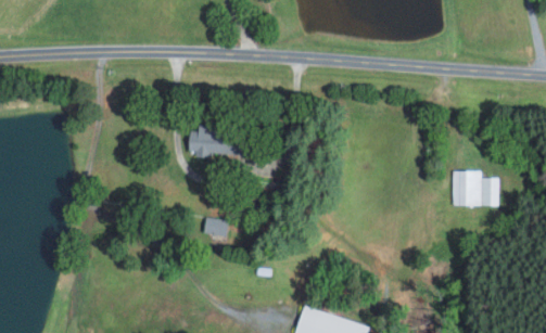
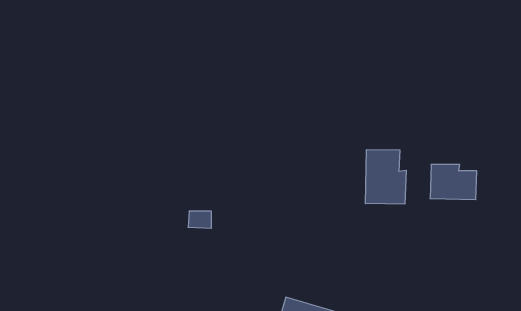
building: [190,125,237,155] -> none
building: none -> [365,150,406,204]

